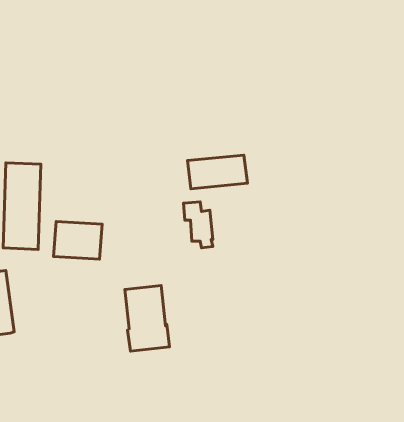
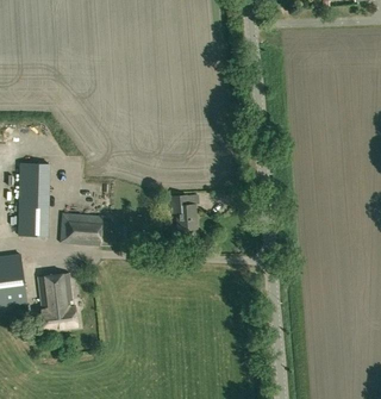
building: [187,155,247,189] -> none
building: [125,285,170,351] -> [38,274,76,330]

